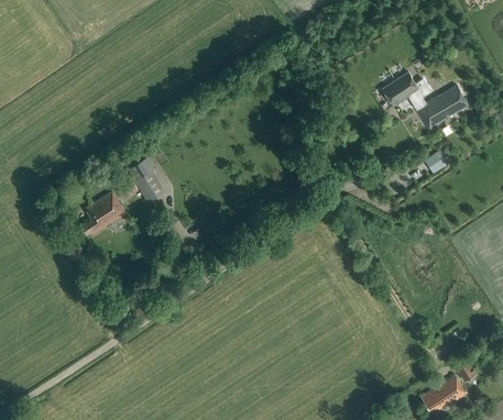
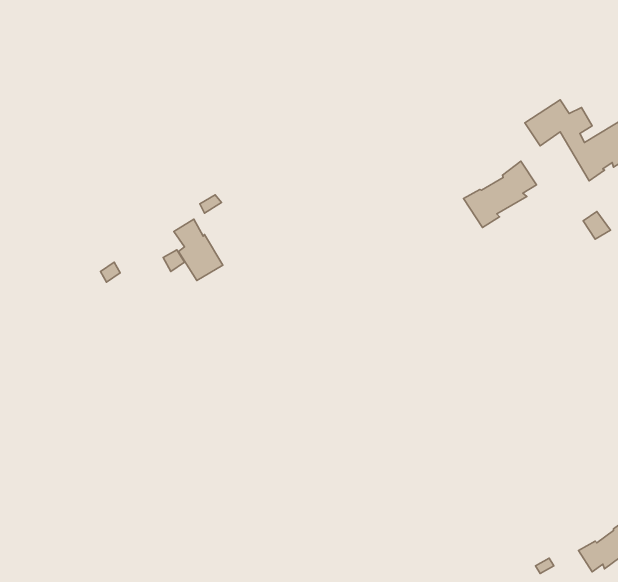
building: none -> [464,161,537,228]
building: [83,190,127,234] -> none

